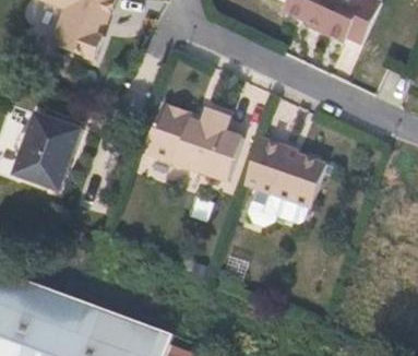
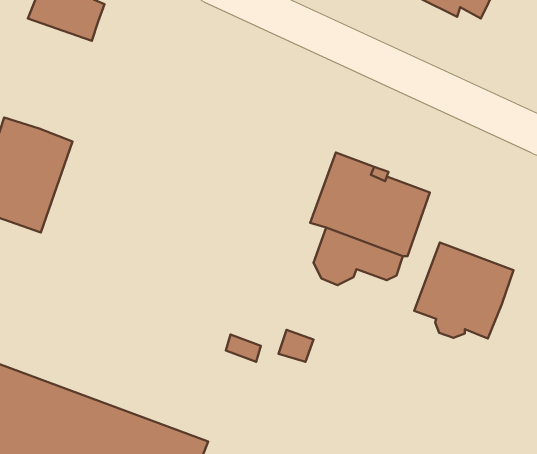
building: [144,105,242,181] -> none
building: none -> [414,242,514,338]

